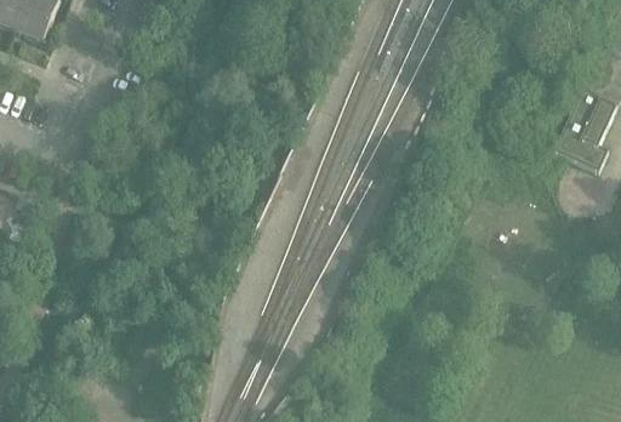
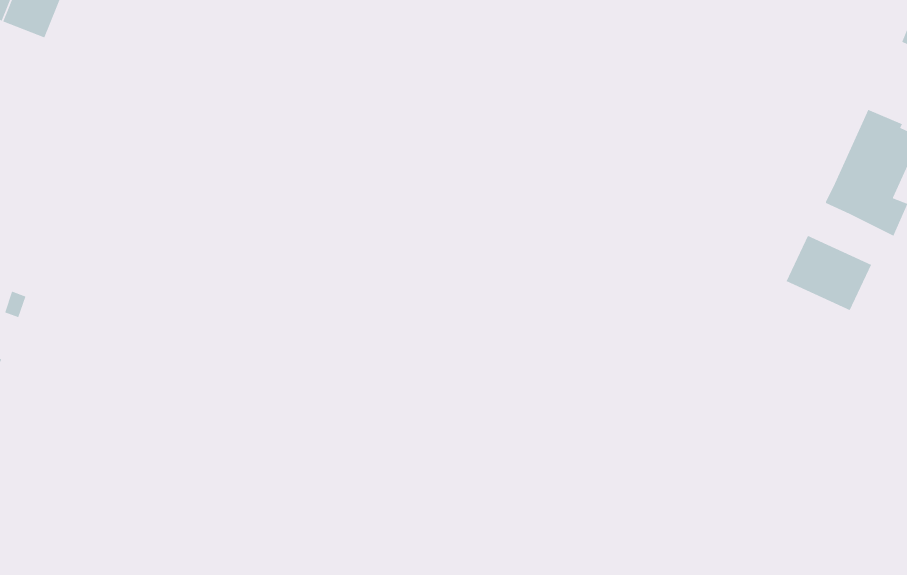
building: none -> [786,235,872,311]

